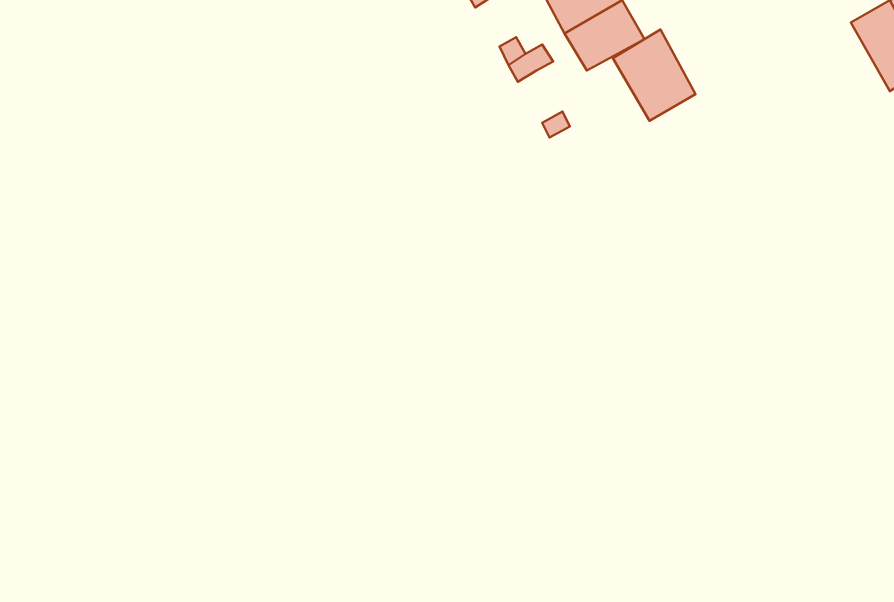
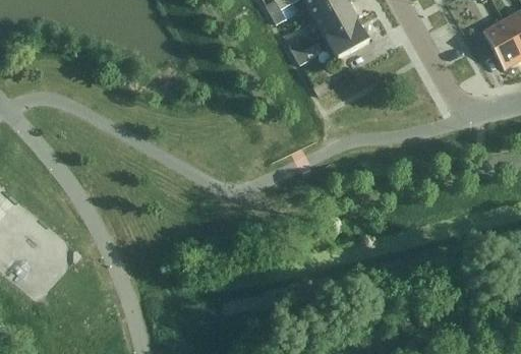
building: [613,29,696,121] -> none

